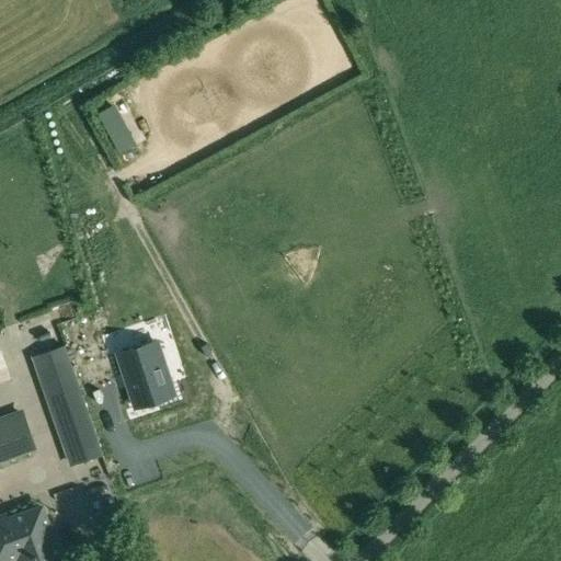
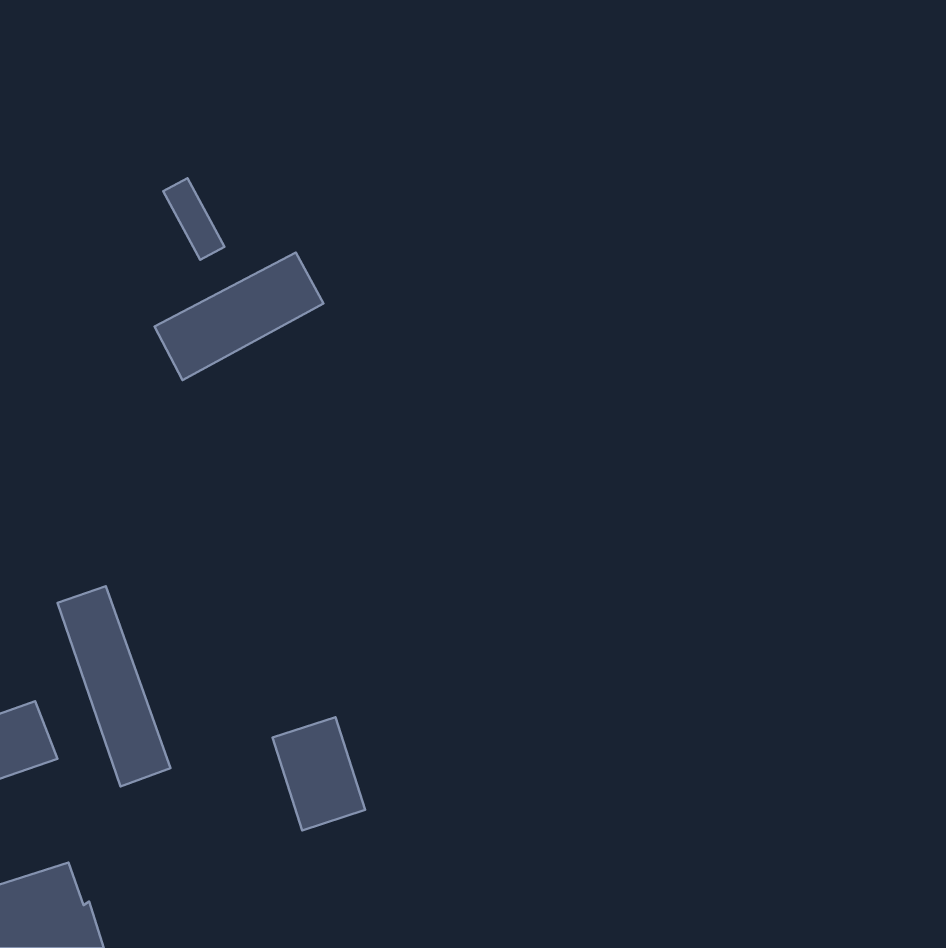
building: none -> [155,253,323,380]
building: [117,341,172,408] -> [272,717,365,830]

